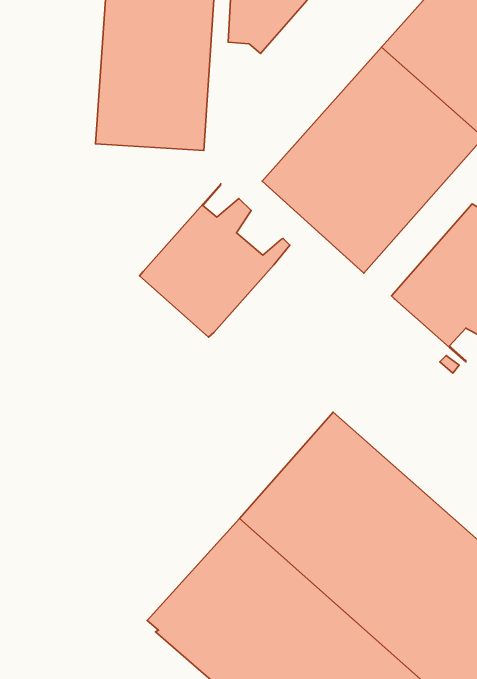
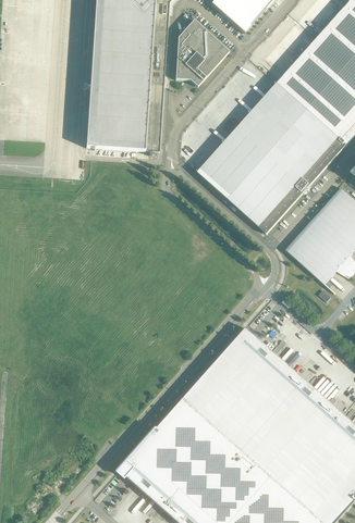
building: [140,184,290,337] -> none

